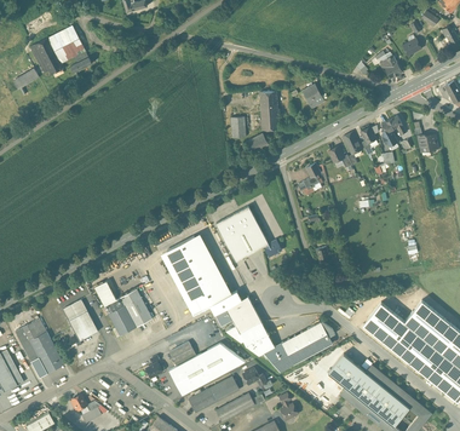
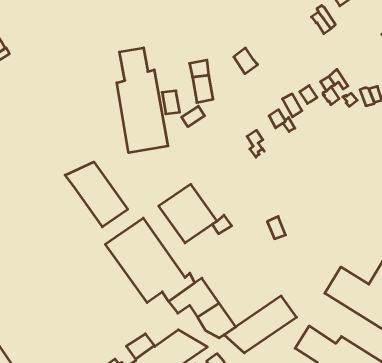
building: none -> [117,48,168,153]
building: none -> [65,162,128,227]
building: [104,289,153,337] -> none
building: [62,299,98,341] -> none

